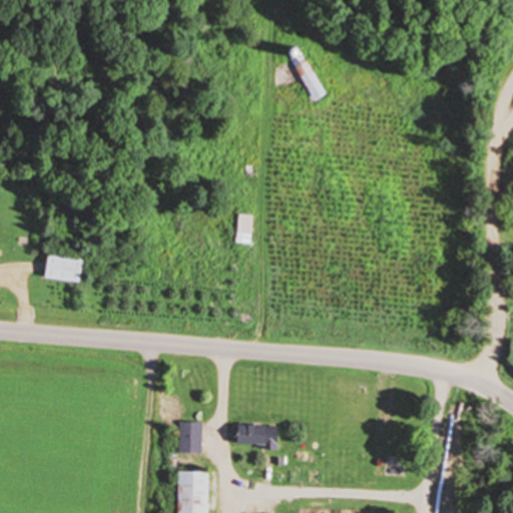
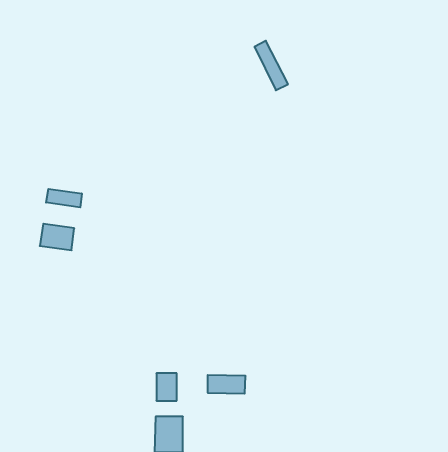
building: none -> [46,189,82,207]
building: [236,214,252,244] -> none

